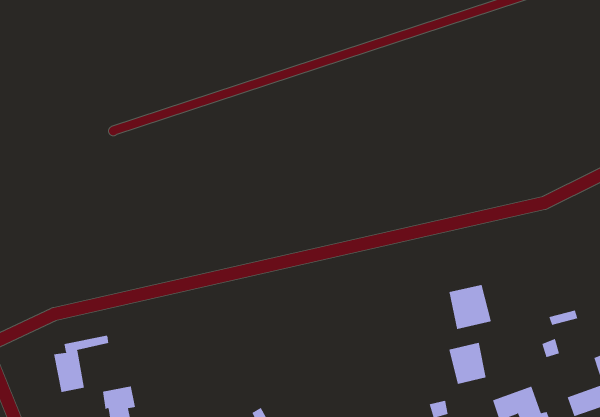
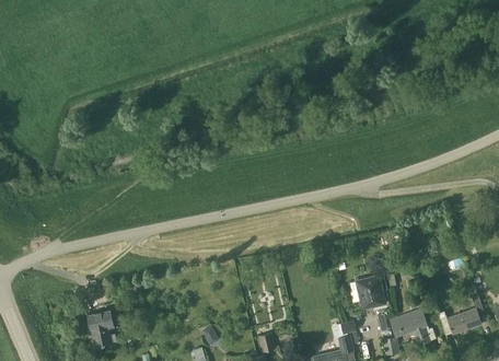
building: [449,284,491,330] -> none
building: [53,335,109,393] -> none

